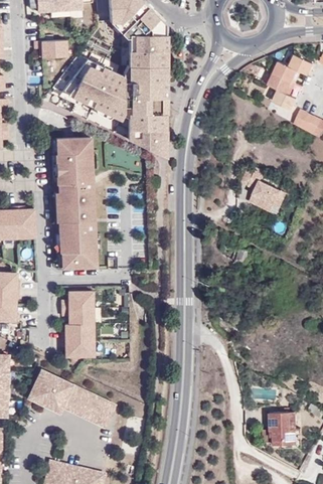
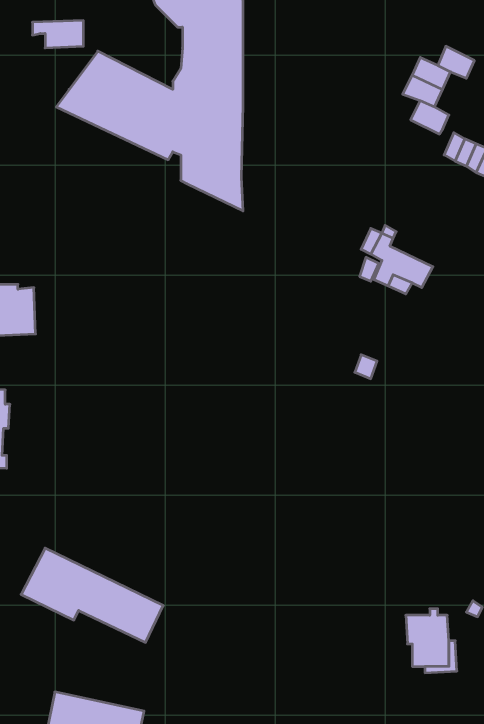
building: [56,137,97,267] -> none
building: [62,295,95,360] -> none

